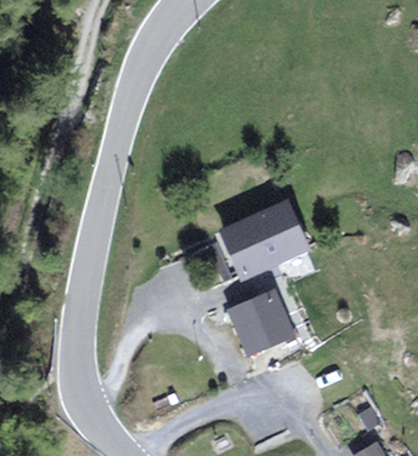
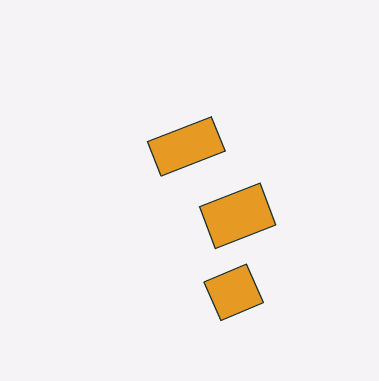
building: none -> [147,117,225,176]

